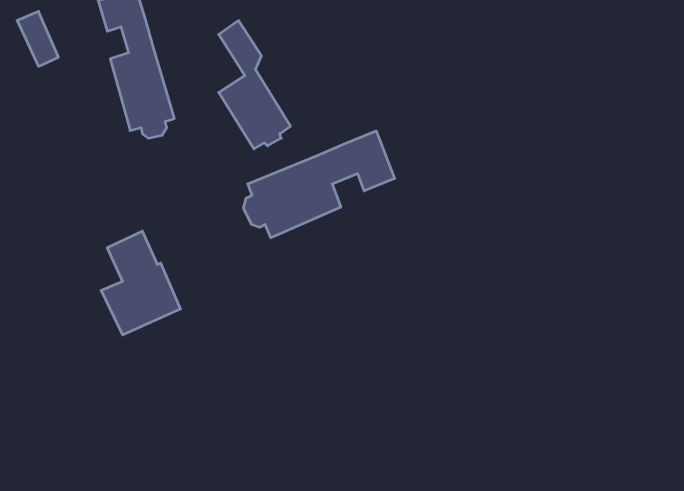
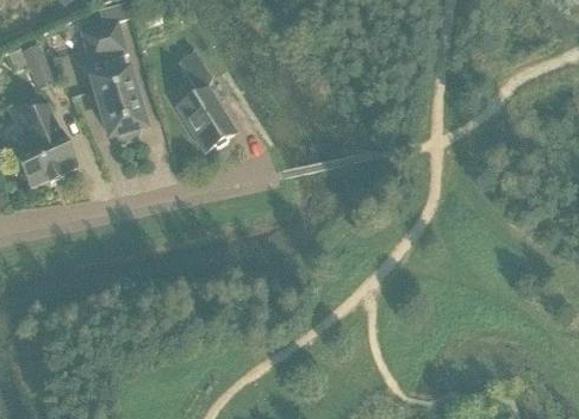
building: [244,131,395,238] -> none
building: [101,231,181,335] -> [14,104,76,185]

